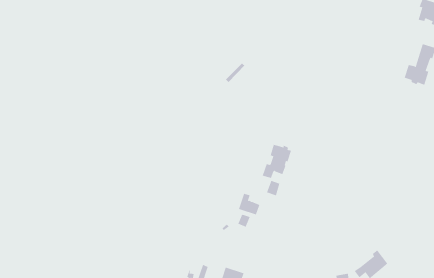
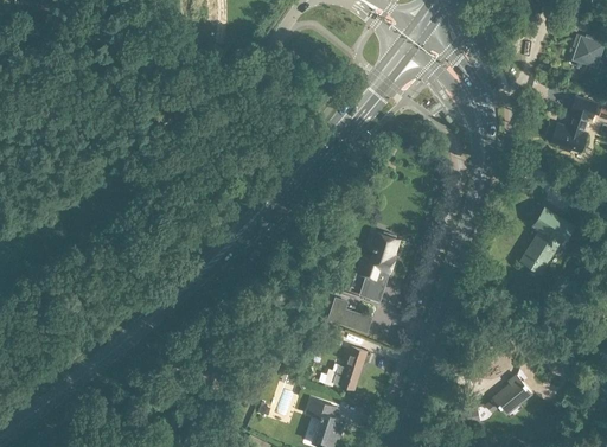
building: none -> [522,209,575,267]
building: none -> [334,346,369,390]

